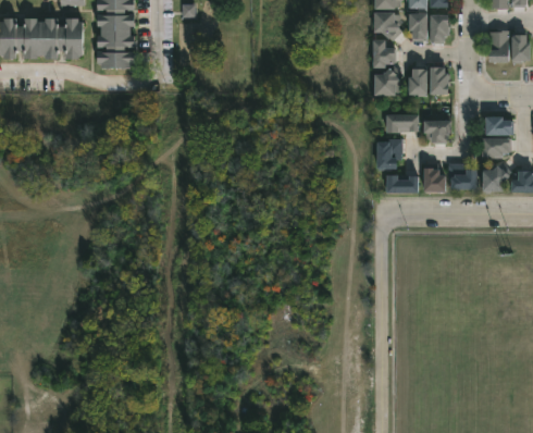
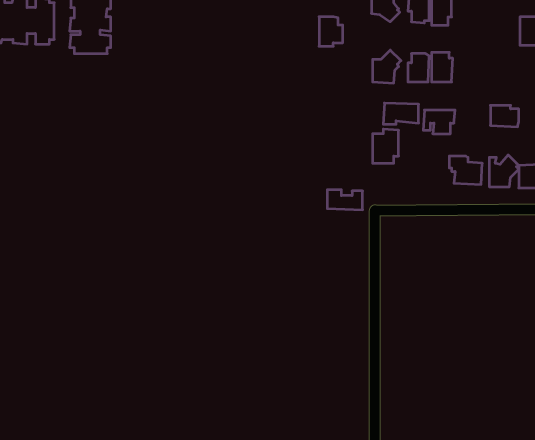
building: [487,30,508,62] -> none
building: [373,40,395,67] -> [319,17,343,46]
building: [479,137,508,158] -> none
building: [422,163,445,191] -> none
building: [385,175,418,194] -> [327,190,363,210]

